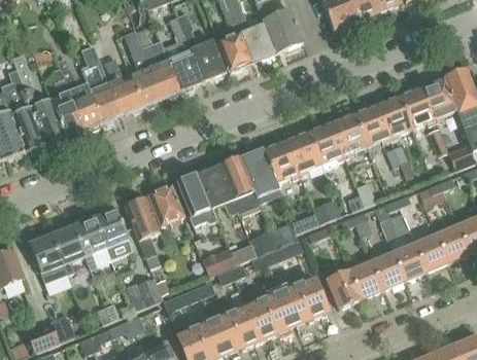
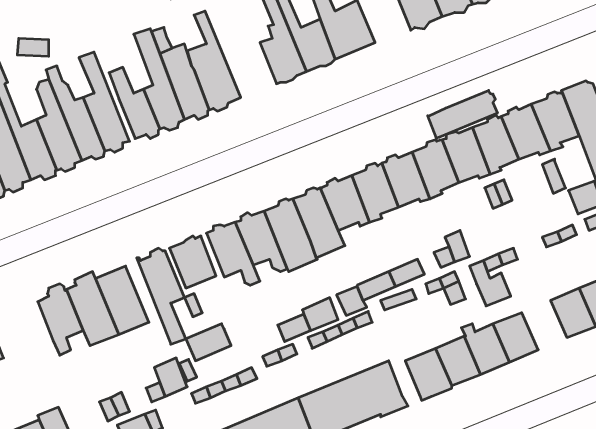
building: [176,12,226,81] -> none
building: none -> [428,90,497,138]
building: [414,233,448,271] -> none
building: [29,235,67,283] -> none
building: [202,248,236,276] -> [186,324,231,361]

